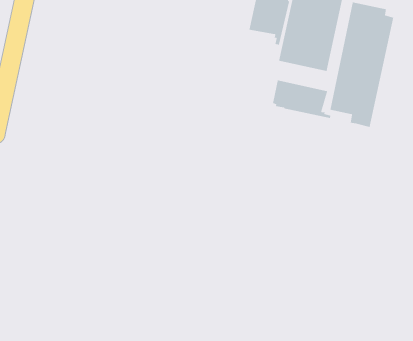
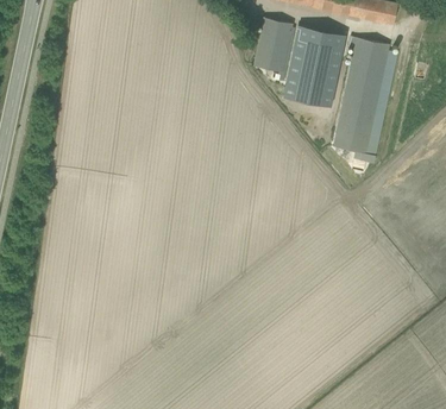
building: [272,79,331,119] -> none

